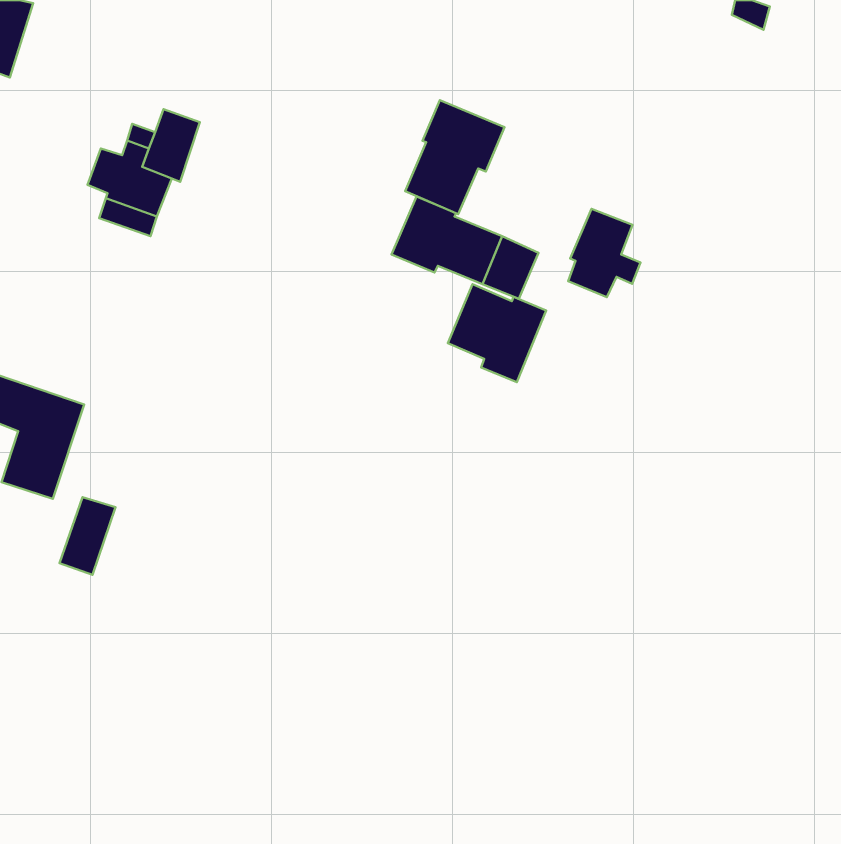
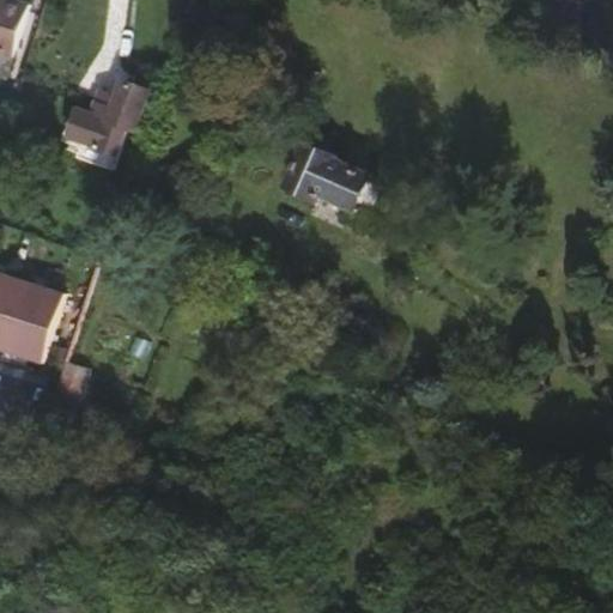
building: [405,100,505,214] -> none
building: [568,209,640,297] -> none
building: [448,284,546,382] -> none

